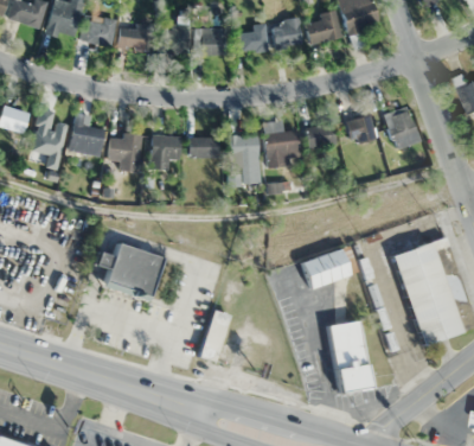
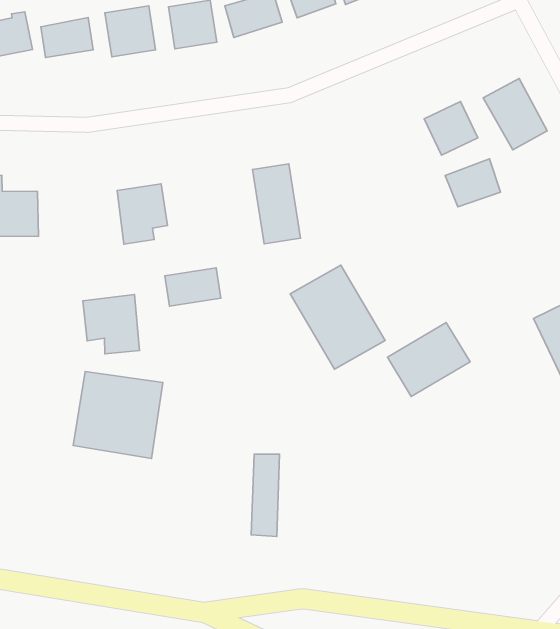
building: [264,122,299,165] -> none
building: [305,123,337,149] -> [445,159,500,207]
building: [109,134,142,170] -> [83,294,139,354]
building: [188,138,220,157] -> [165,268,221,306]
building: none -> [290,265,385,369]
building: [328,319,369,391] -> none

